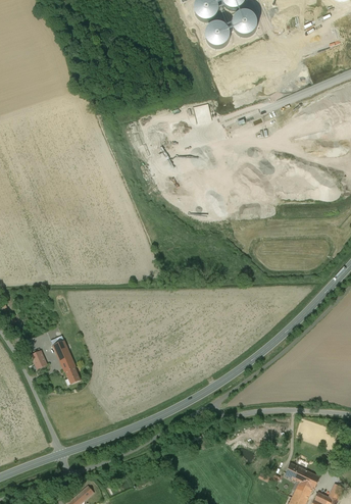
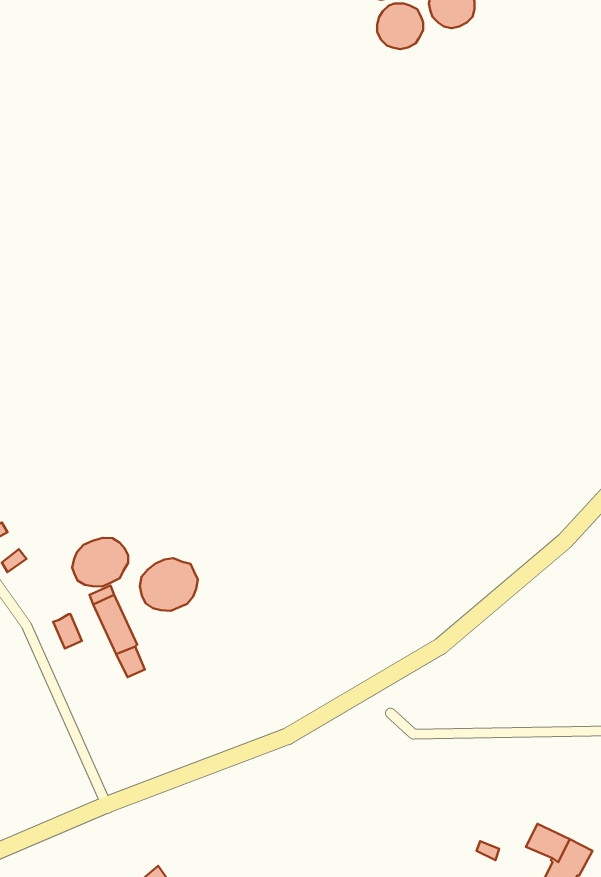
building: none -> [72,538,128,586]
building: none -> [140,558,198,611]

